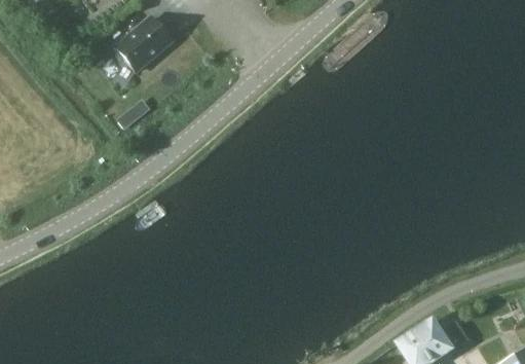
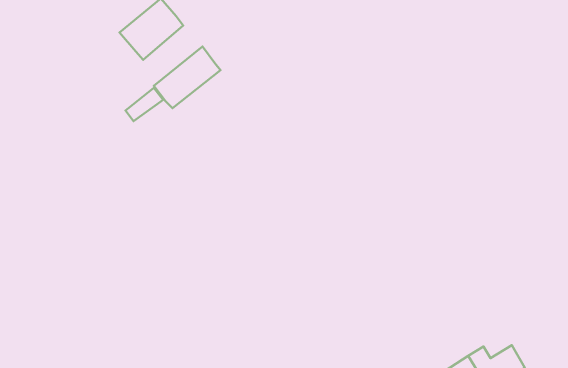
building: none -> [154,47,221,108]

